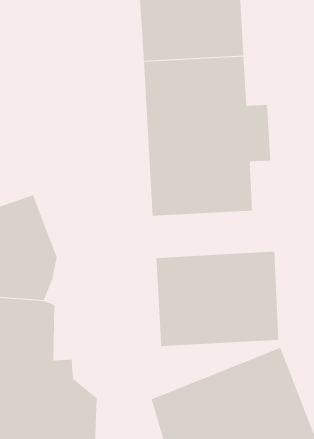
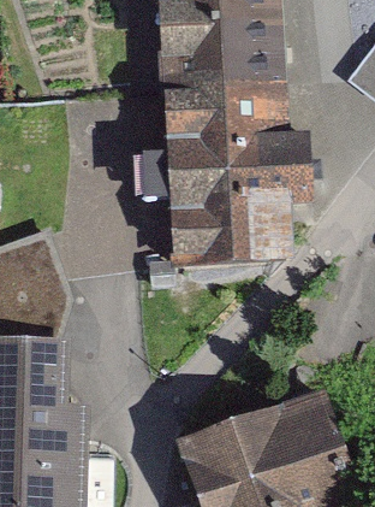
building: [156,251,279,347] -> none

